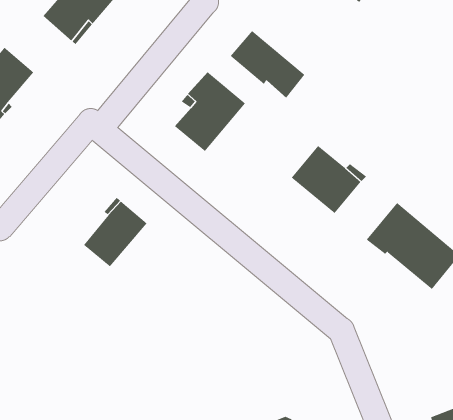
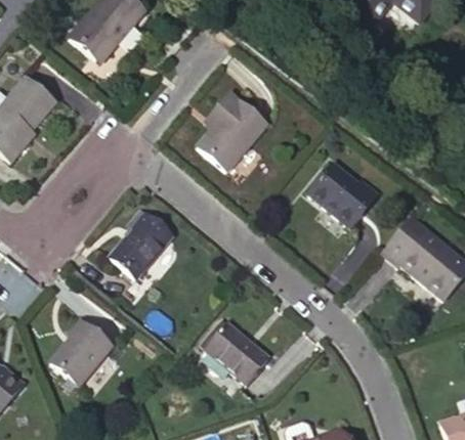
building: [230,30,305,98] -> none
building: none -> [48,319,111,386]
building: none -> [206,324,269,385]

